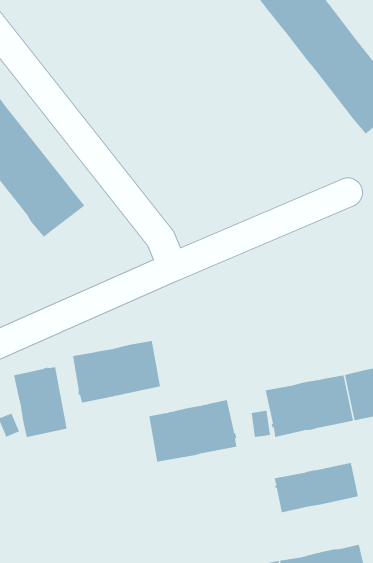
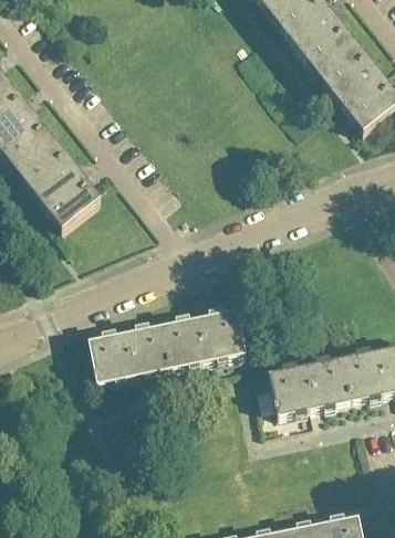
building: [13,367,67,438] -> none
building: [148,400,237,462] -> [164,308,247,367]
building: [274,462,358,513] -> none

